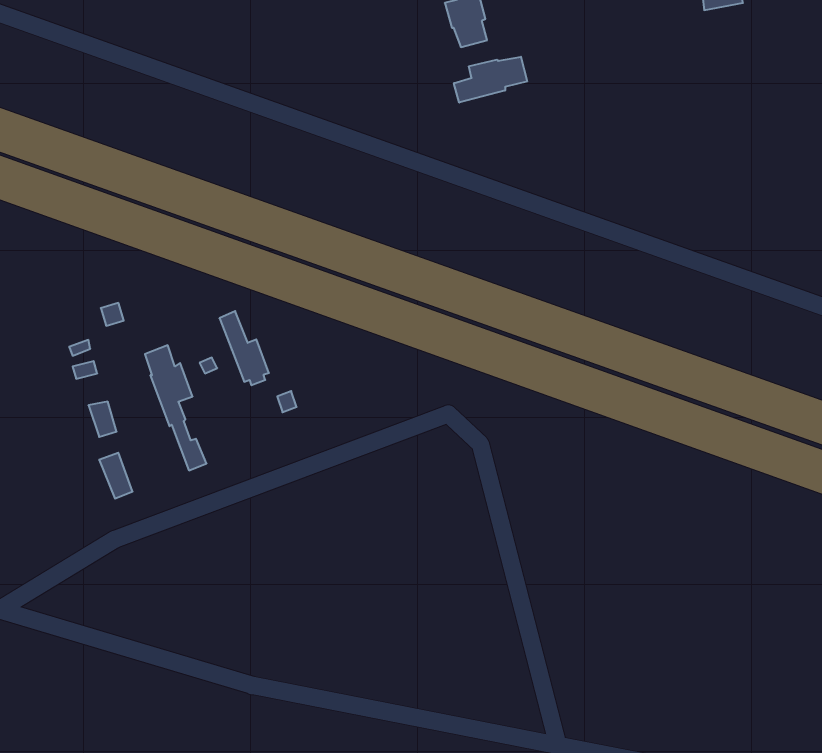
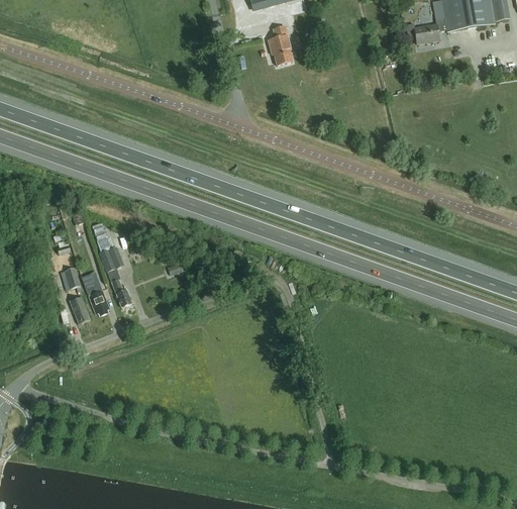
building: [454,57,527,103] -> none
building: [219,311,269,385] -> [81,273,109,315]

